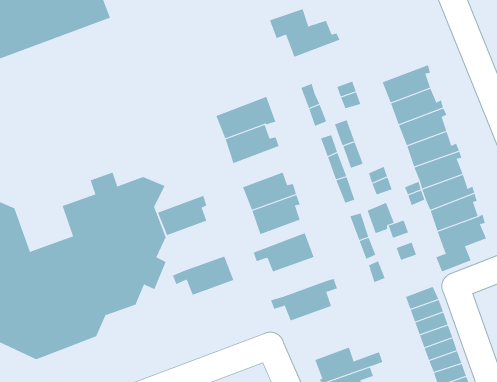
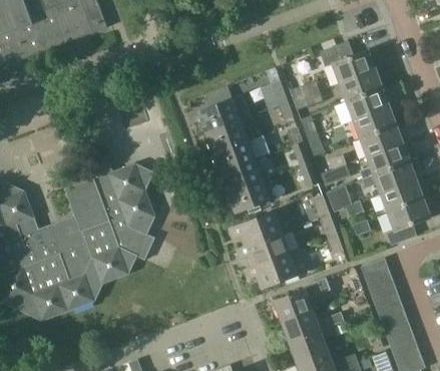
building: [269,8,340,57] -> [319,40,380,82]
building: [157,195,207,236] -> [211,137,255,172]
building: [172,256,234,295] -> [237,233,290,267]
building: none -> [272,278,329,321]

